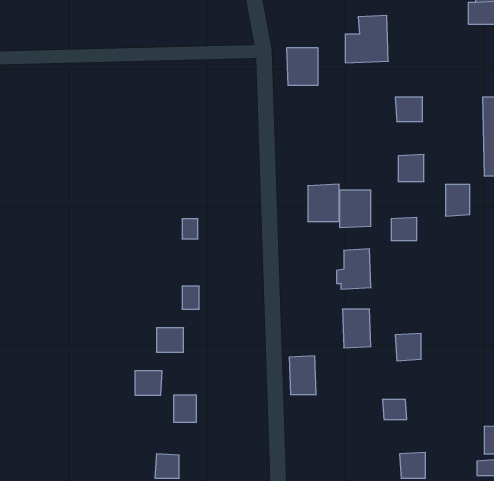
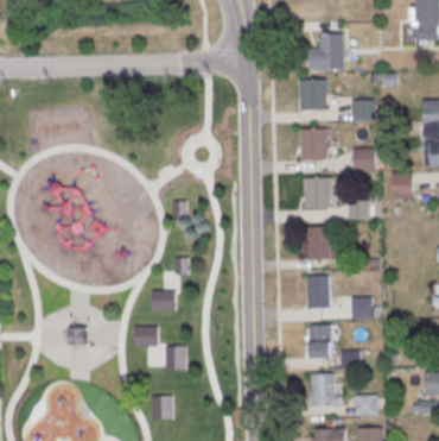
building: [287,48,318,85] -> [299,80,325,111]
building: [308,184,339,222] -> [300,128,326,159]
building: [289,356,316,395] -> [308,325,331,357]
building: none -> [311,372,339,407]

